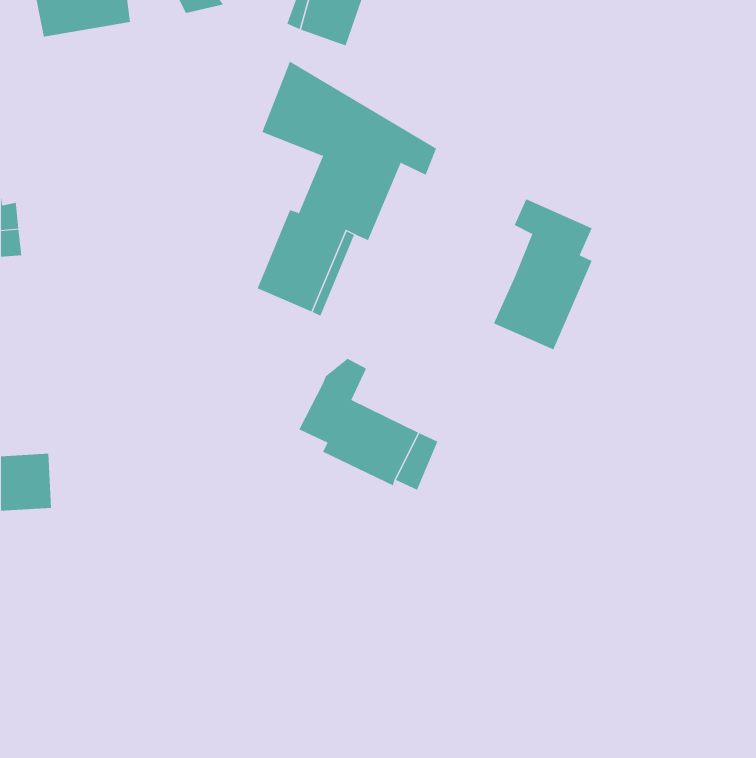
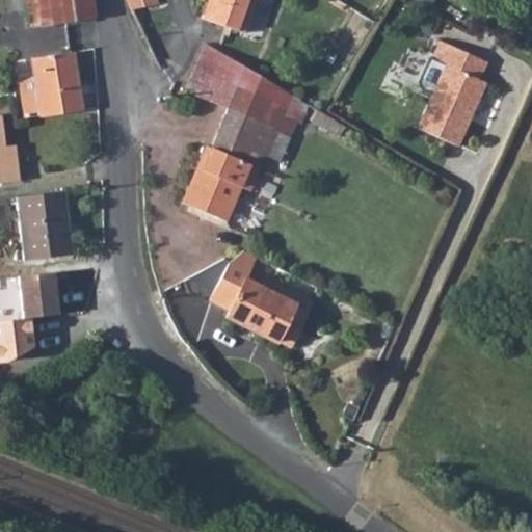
building: none -> [22,52,81,116]
building: [493,199,593,350] -> [418,38,487,144]
building: none -> [18,190,73,260]
building: none -> [20,272,59,317]

